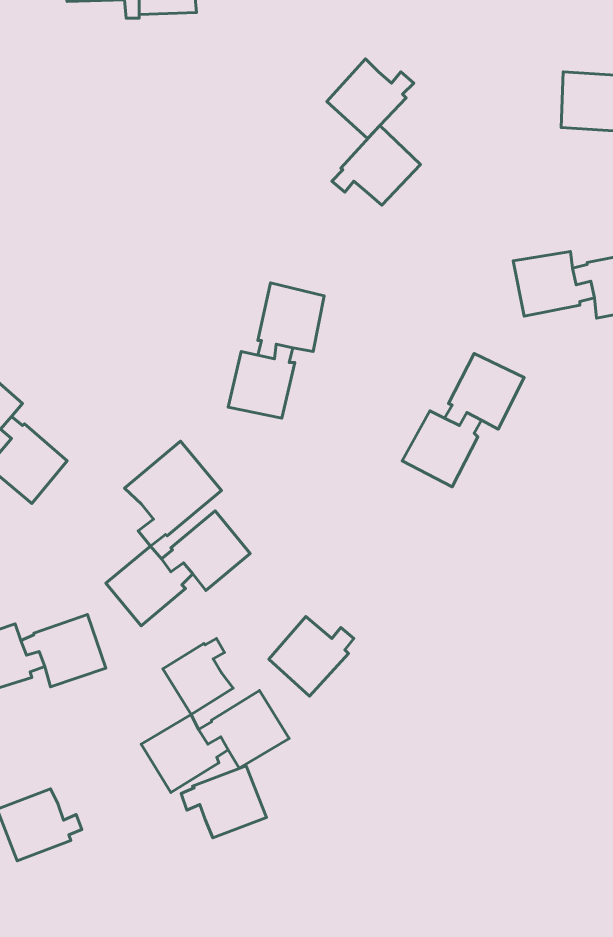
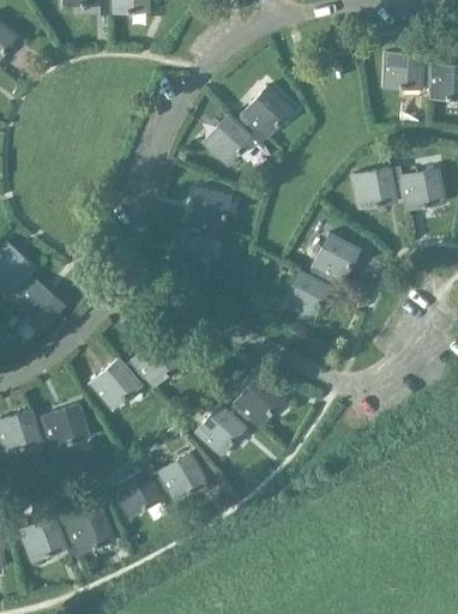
building: [327,59,414,139] -> [201,114,258,165]
building: [125,441,221,546] -> none
building: none -> [227,375,284,427]
building: [163,639,233,715] -> none
building: [181,766,266,838] -> [58,507,113,554]

